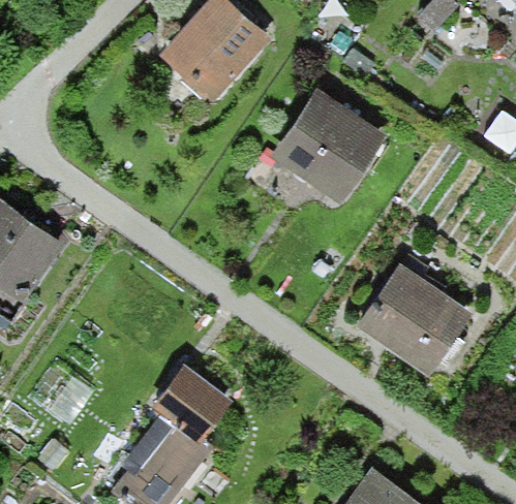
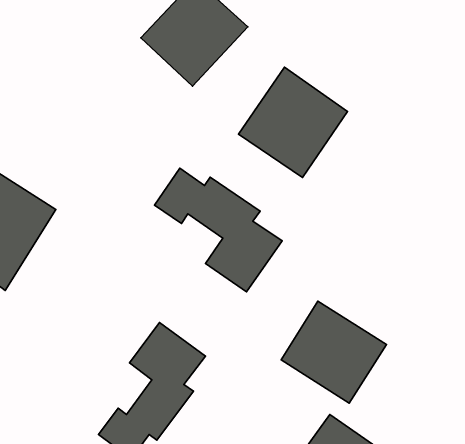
building: none -> [155,168,282,292]
building: [357,266,473,378] -> [281,301,387,403]

